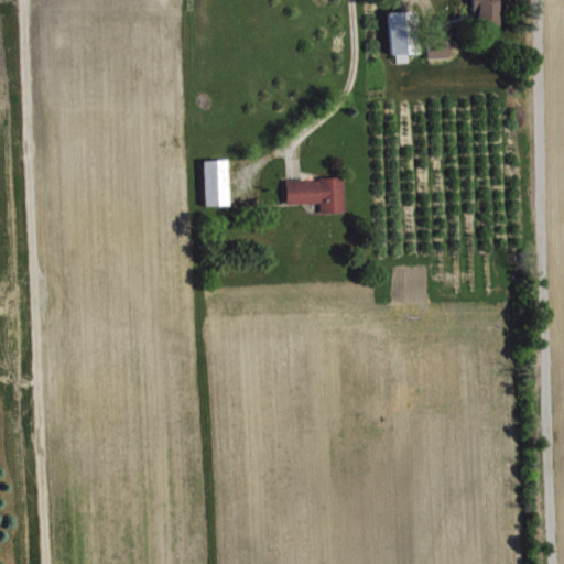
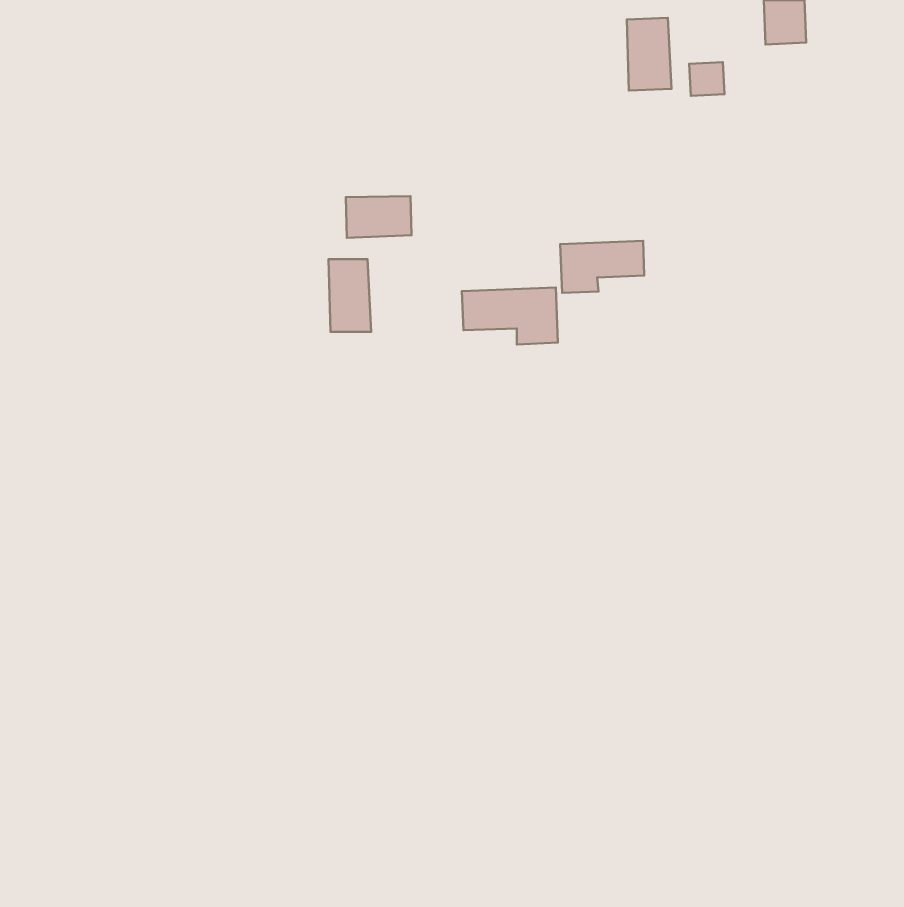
building: none -> [346,196,411,238]
building: none -> [560,241,644,293]

